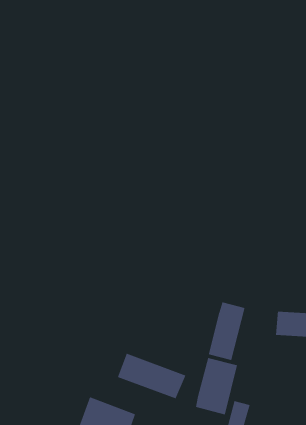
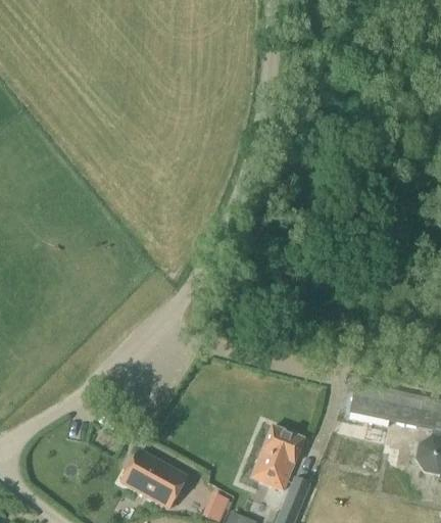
building: [208,301,245,361] -> none
building: [117,353,186,399] -> none

